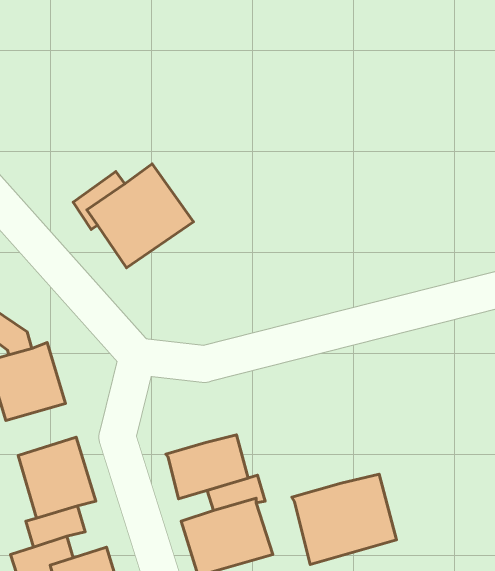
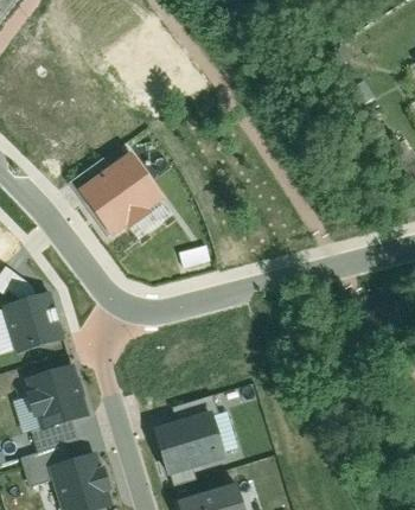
building: [166,435,248,499] -> none
building: [292,474,397,564] -> none

